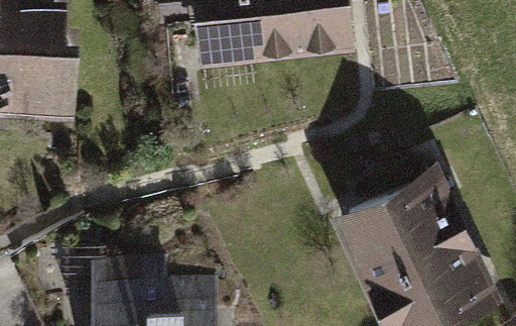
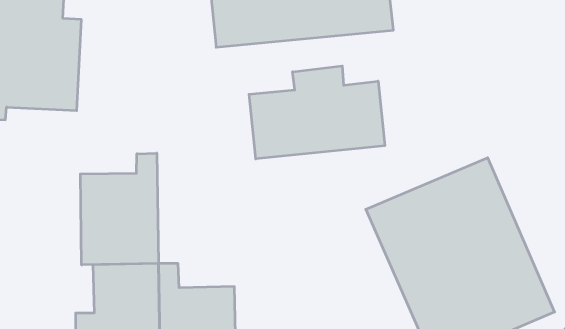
building: none -> [249,66,385,159]
building: none -> [80,153,159,265]

